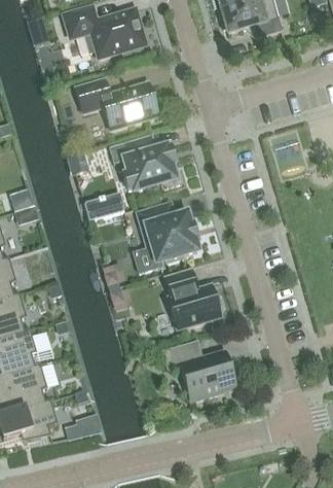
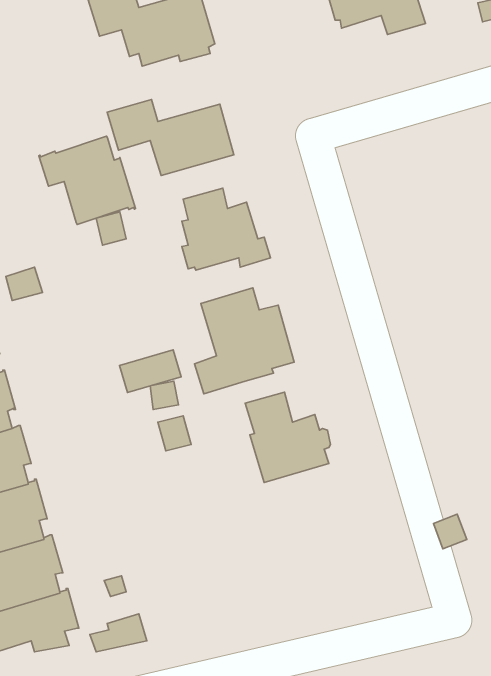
building: none -> [39,136,135,224]
building: [84,193,124,220] -> [119,350,181,393]
building: [162,341,237,402] -> none

